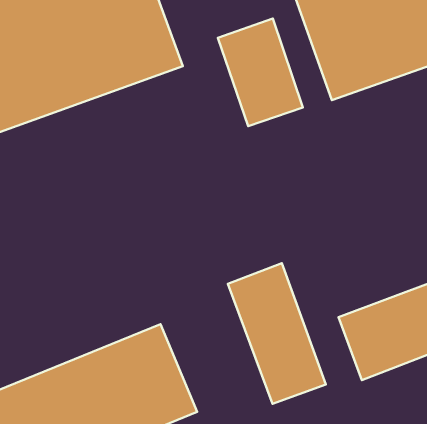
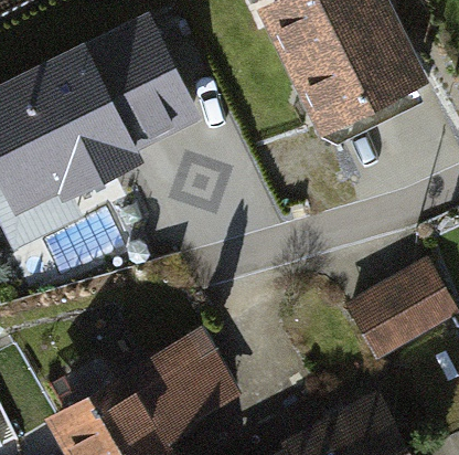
building: [218,19,303,126] -> none
building: [228,263,326,404] -> none

